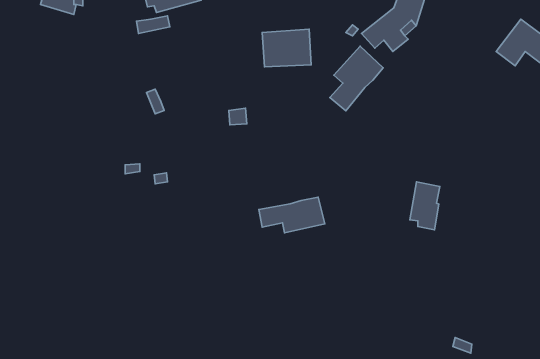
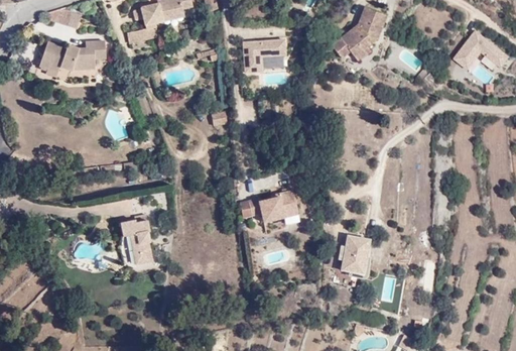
building: none -> [30,38,97,75]
building: [330,46,383,111] -> none
building: [410,182,440,230] -> [343,234,370,277]
building: none -> [121,220,154,264]

